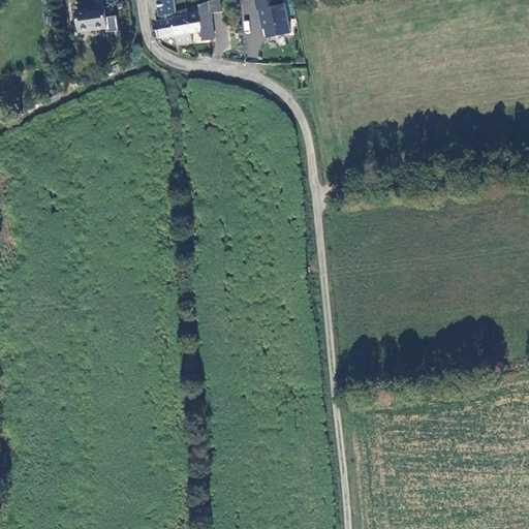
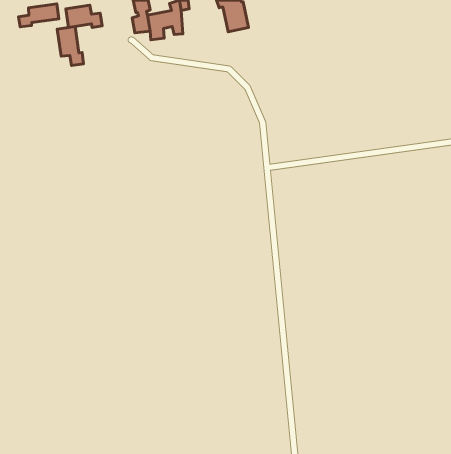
building: none -> [19,4,59,27]
building: none -> [57,27,83,65]

